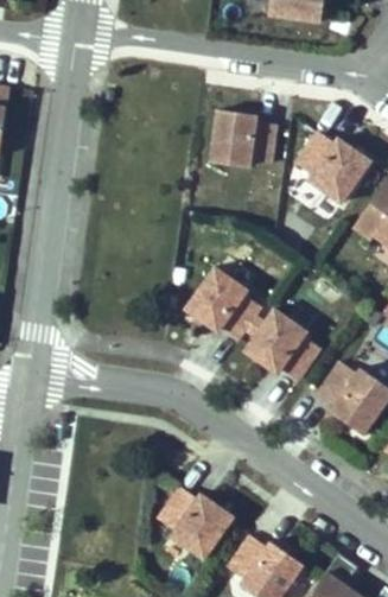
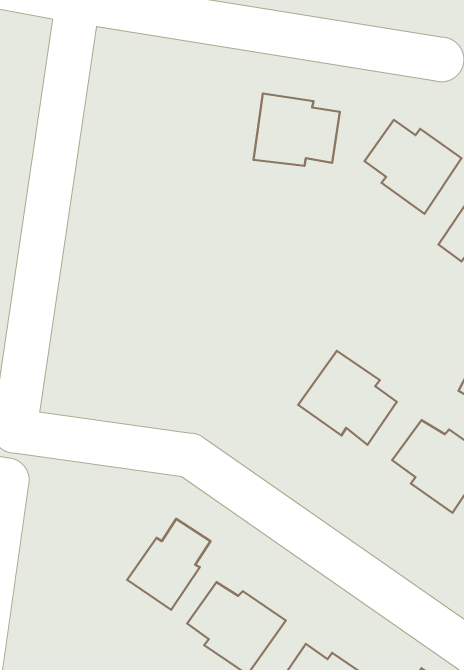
building: [184,267,260,338] -> none
building: none -> [127,519,210,610]

